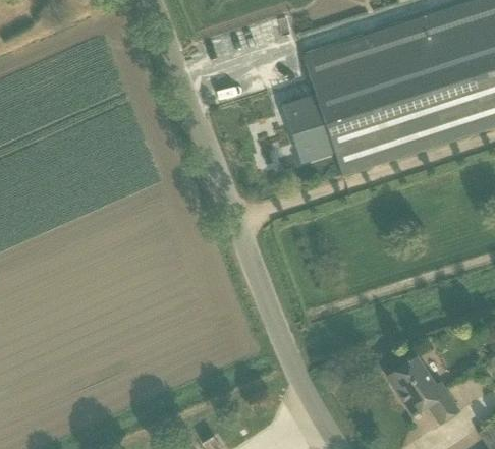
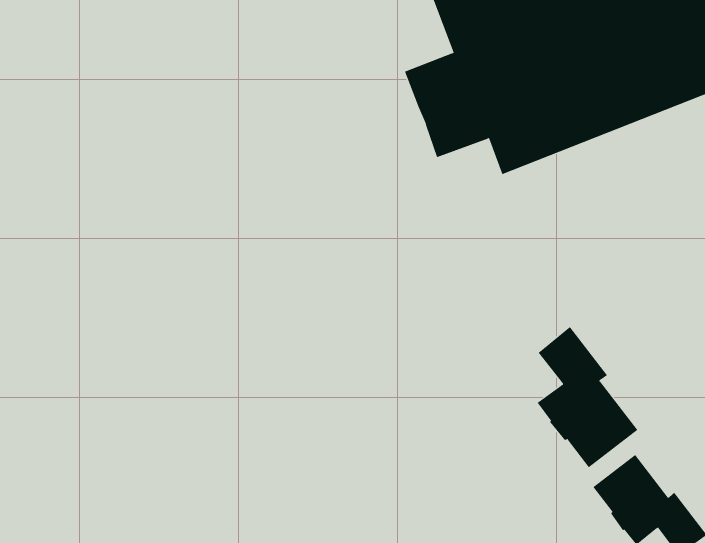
building: none -> [537,326,638,468]

